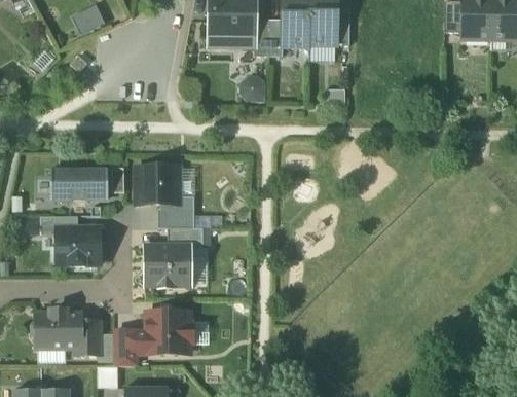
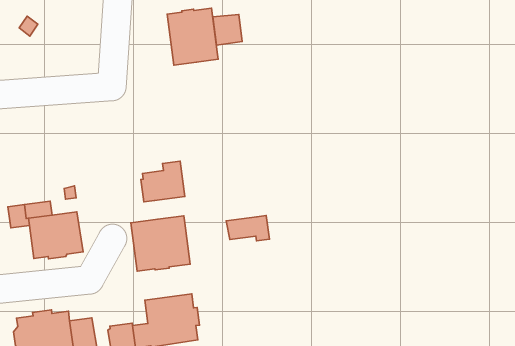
building: none -> [167,8,218,65]
building: [138,167,180,203] -> none
building: [51,168,111,202] -> none
building: [169,227,204,248] -> [226,216,269,241]

